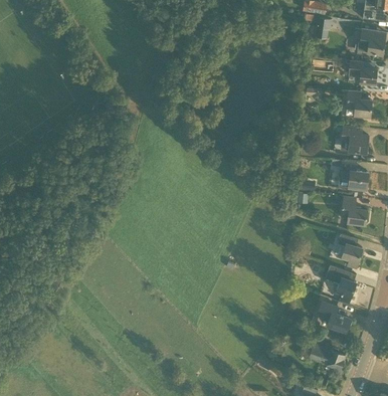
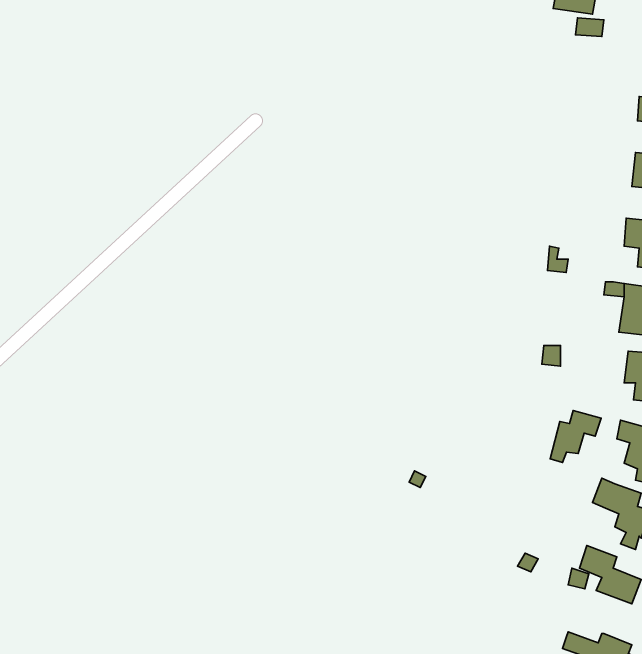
building: none -> [550,410,601,463]

